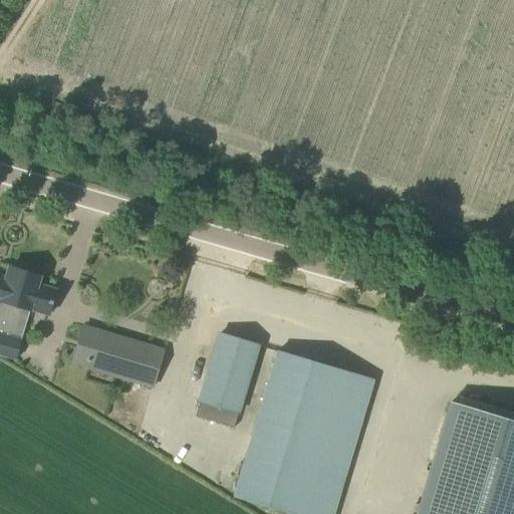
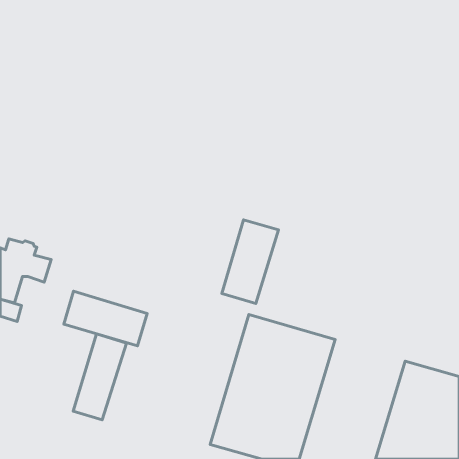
building: [196,334,259,428] -> [222,220,278,303]
building: none -> [73,334,126,420]

